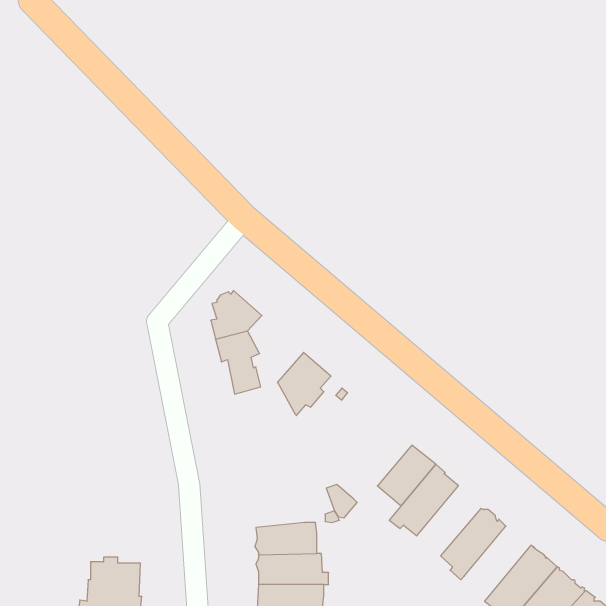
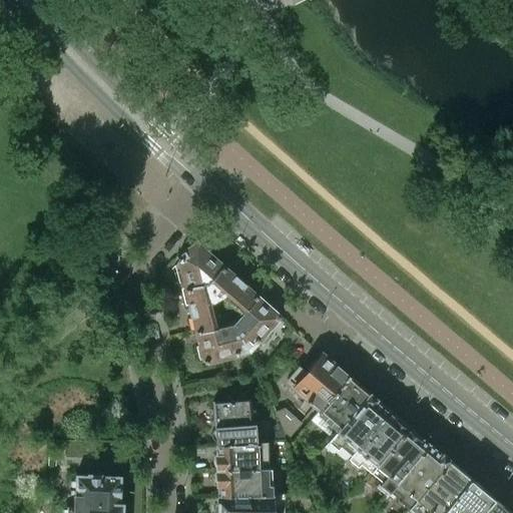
building: none -> [210,268,258,315]
building: none -> [199,324,250,363]
building: none -> [290,355,349,411]
building: none -> [213,400,259,446]
building: none -> [350,411,407,470]
building: none -> [393,445,449,508]

